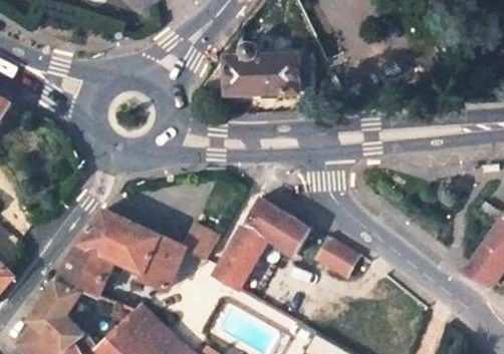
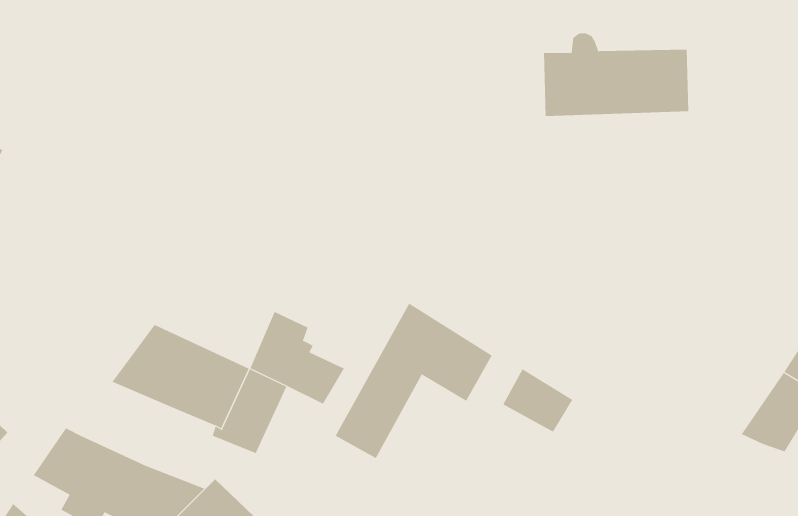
building: [225,43,314,94] -> [543,33,689,117]
building: [59,245,114,296] -> none

